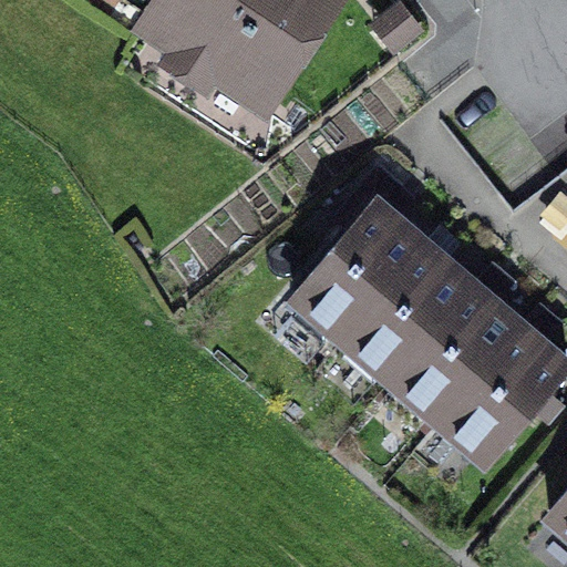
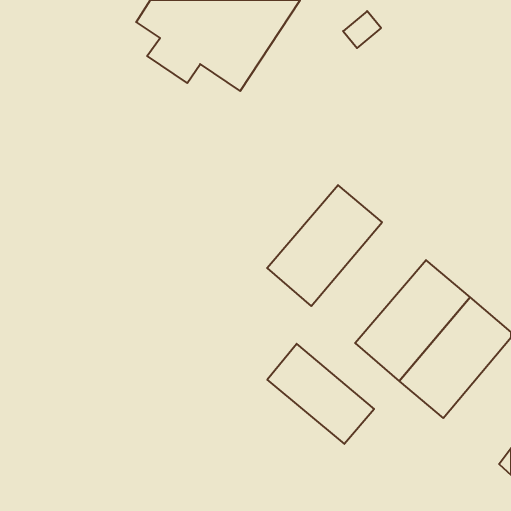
building: [344,246,472,380] -> none
building: none -> [267,344,374,444]

